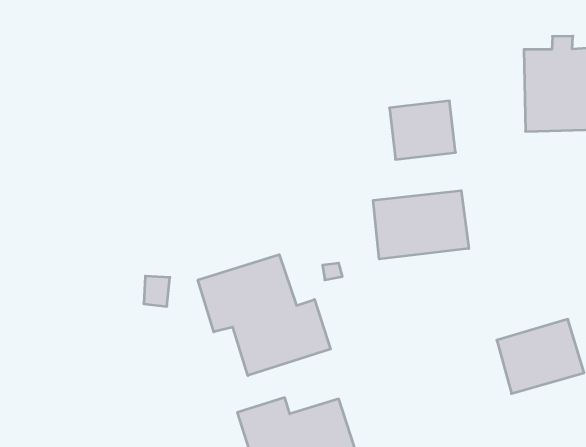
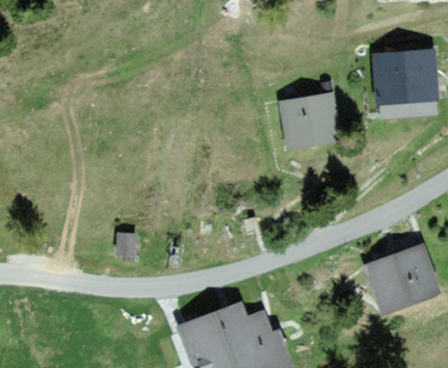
building: [373,191,469,259] -> none
building: [198,255,331,376] -> none

